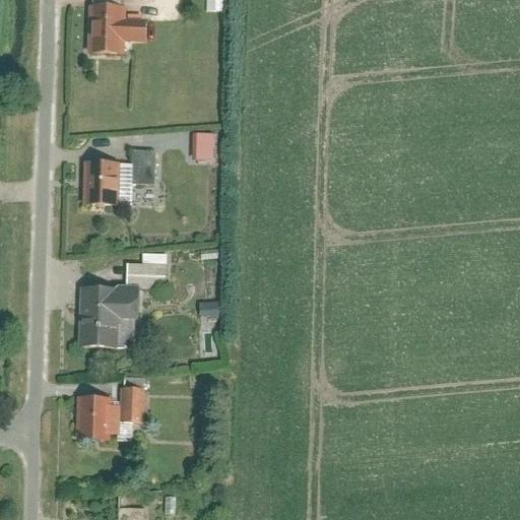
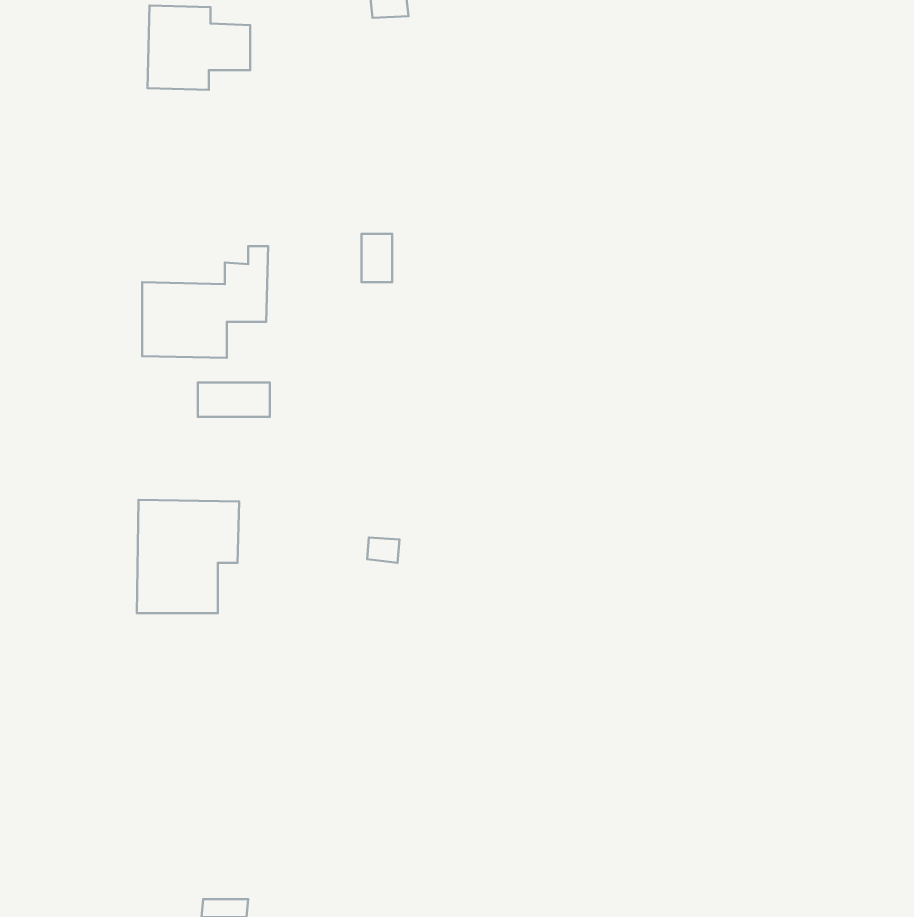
building: [126,262,167,281] -> [198,383,270,417]
building: [76,388,143,439] -> none

